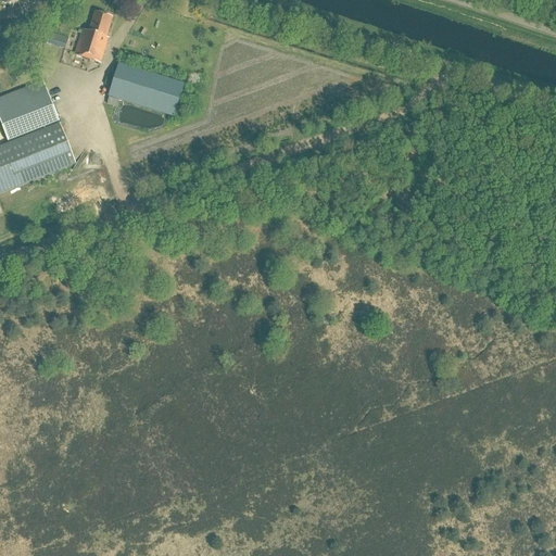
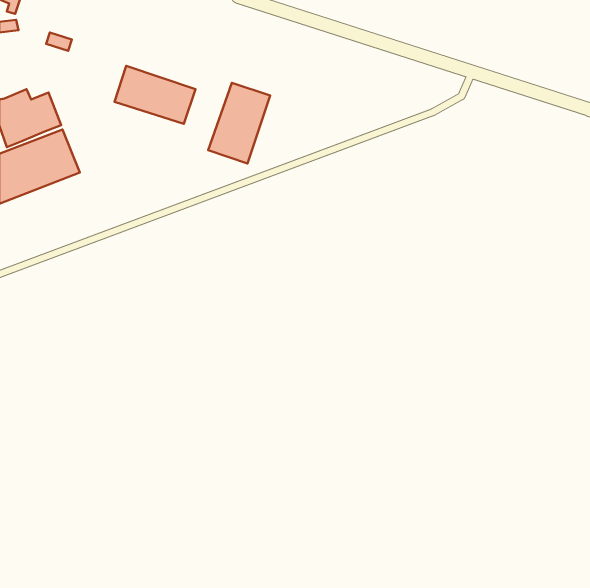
building: [73,10,112,62] -> none
building: none -> [208,83,270,164]

